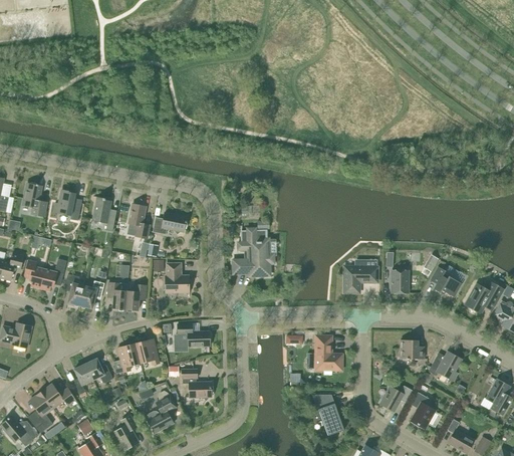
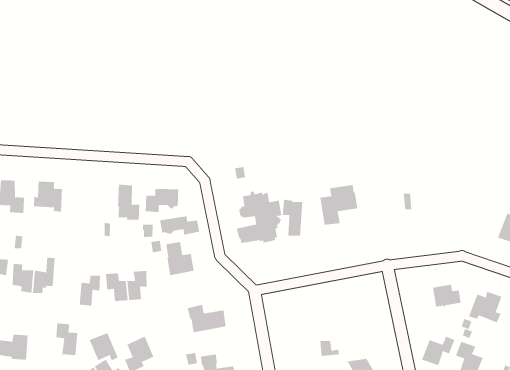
building: [92,196,115,231] -> none
building: none -> [282,199,303,236]
building: none -> [160,216,200,235]
building: [344,259,377,292] -> [319,184,358,225]
building: [431,266,461,296] -> none
building: [392,269,409,292] -> none
building: [64,273,85,305] -> [55,323,78,356]
building: [314,335,341,371] -> none
building: [136,338,160,365] -> [89,332,118,361]

